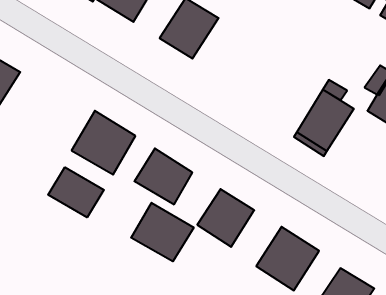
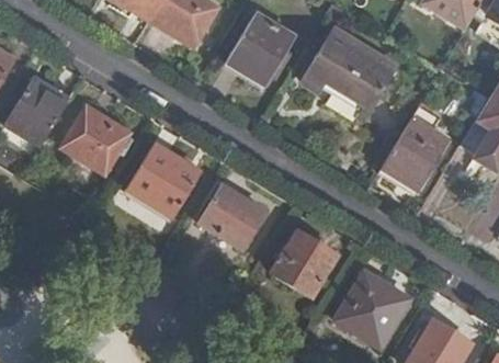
building: none -> [304,27,396,99]
building: none -> [61,106,127,172]
building: [48,167,104,217] -> none
building: [131,203,194,261] -> none

